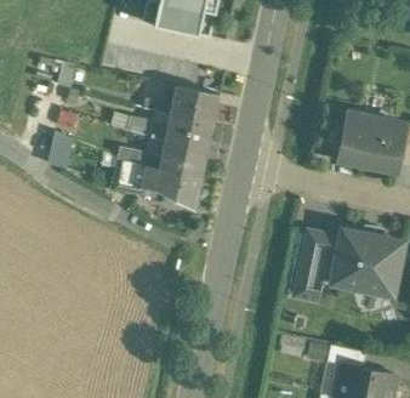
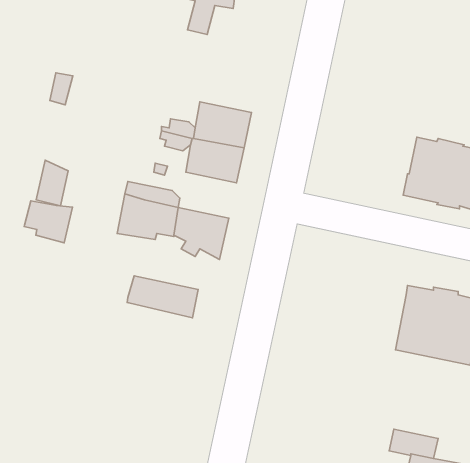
building: [163,141,209,177] -> none
building: none -> [24,201,72,243]
building: none -> [127,276,198,318]
building: [297,231,343,300] -> none

